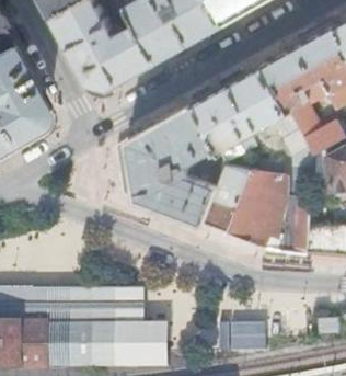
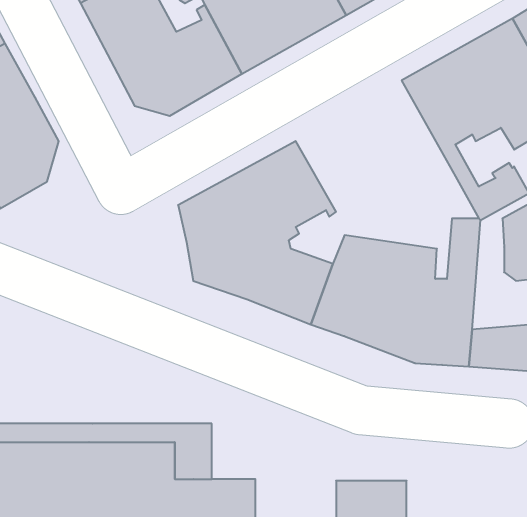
building: [195,64,299,161] -> none

